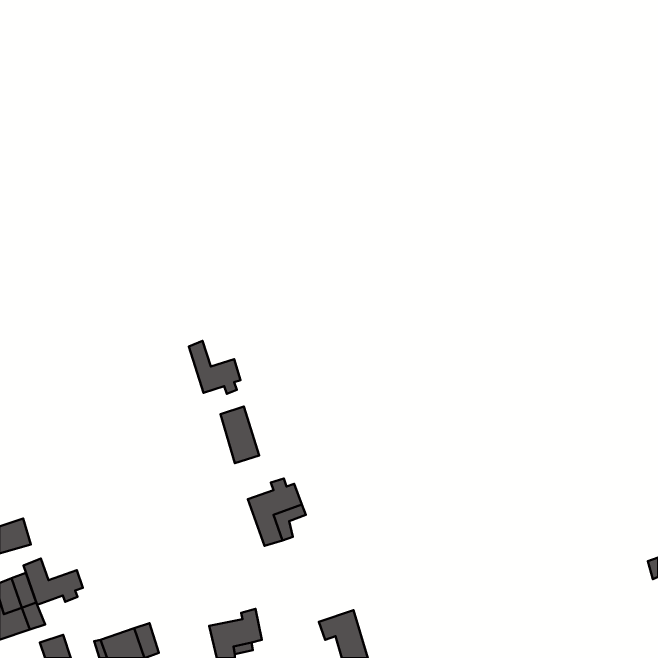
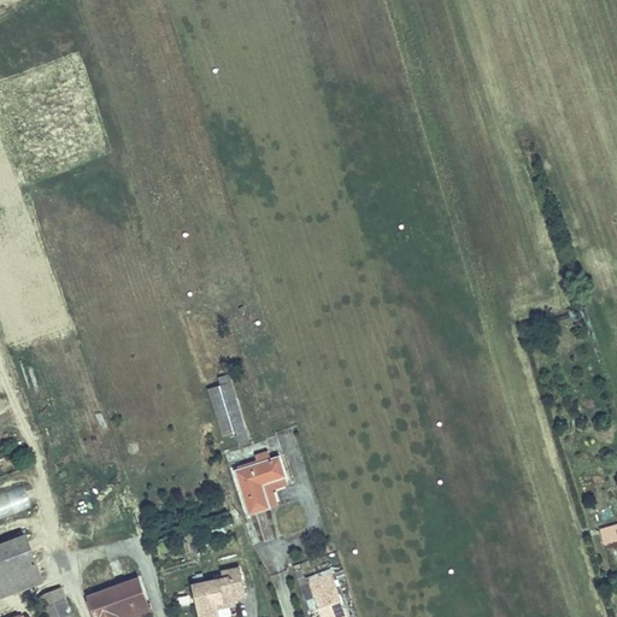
building: [189,341,240,394] -> none
building: [23,558,83,605] -> none

